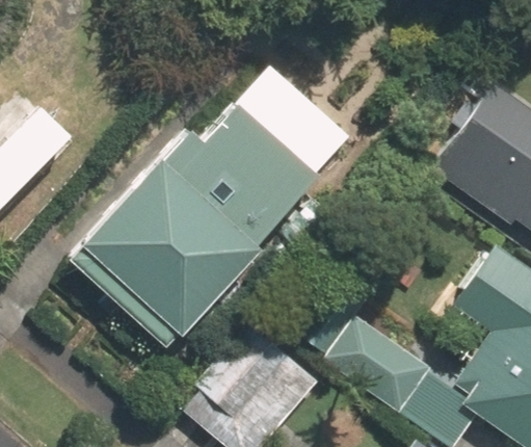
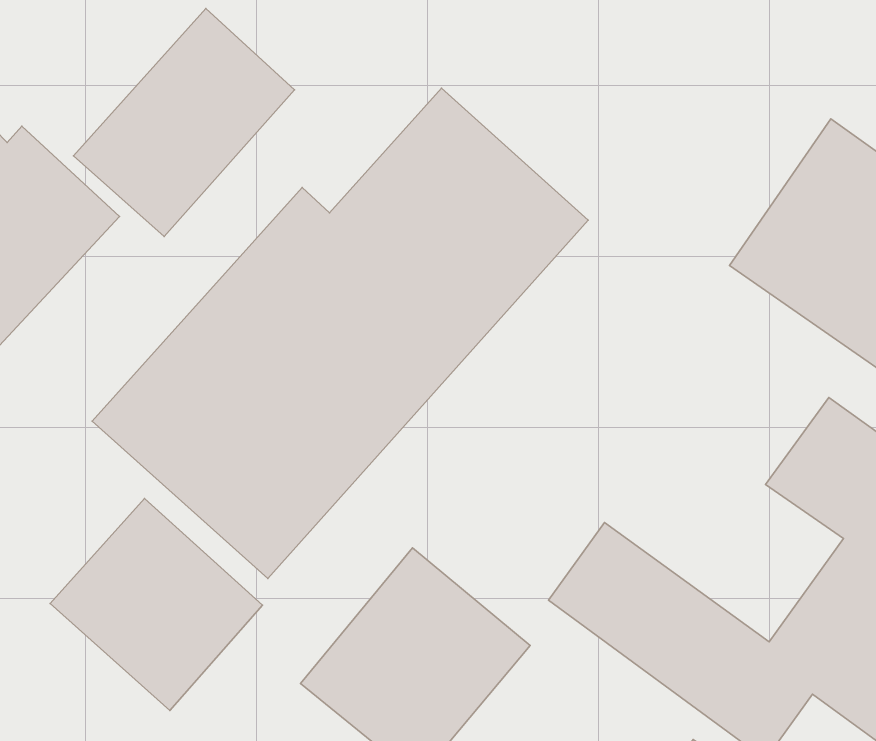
building: none -> [74,9,295,237]
building: none -> [50,498,263,710]

